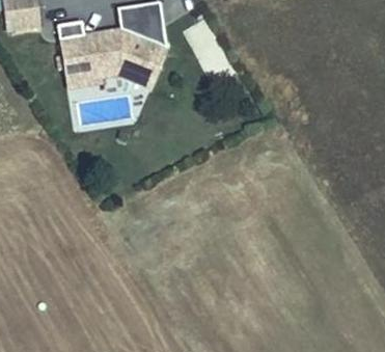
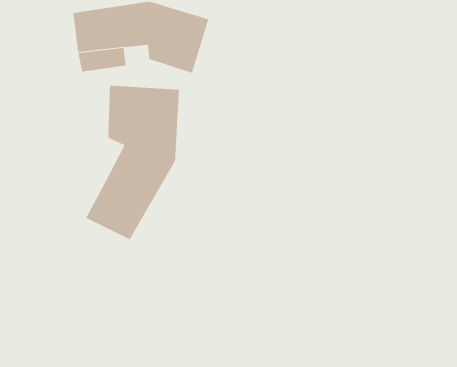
building: none -> [86,85,179,240]

